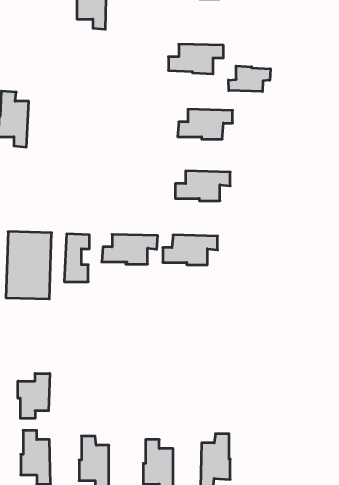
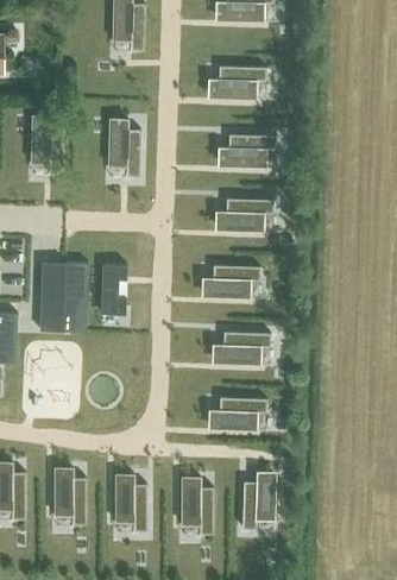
building: [228,66,270,92] -> none
building: none -> [107,119,139,176]
building: [102,234,158,264] -> [210,332,269,362]
building: none -> [207,397,265,429]
building: [18,373,50,418] -> none

